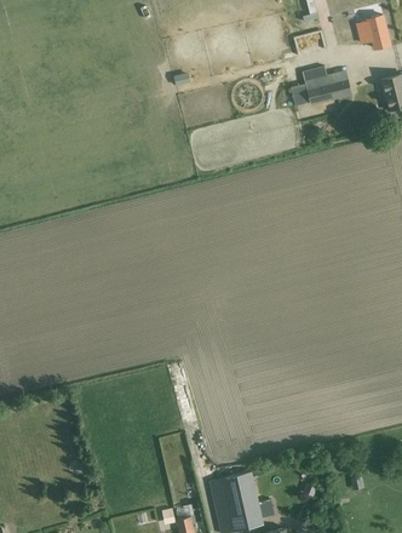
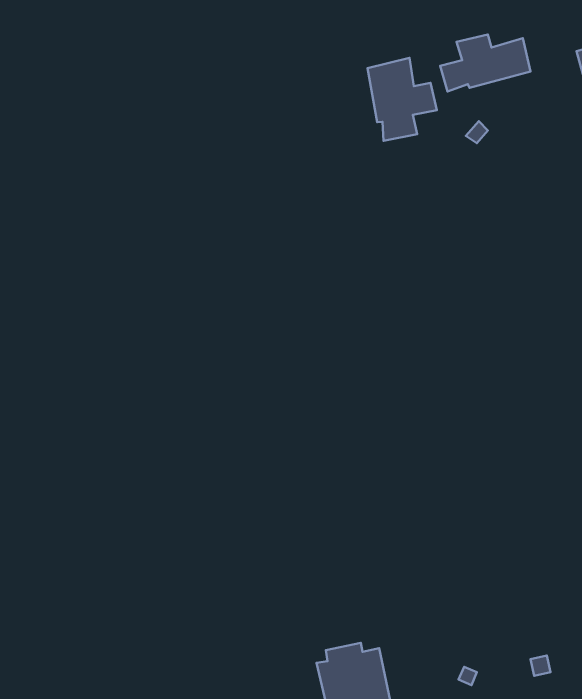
building: none -> [367,58,437,141]

